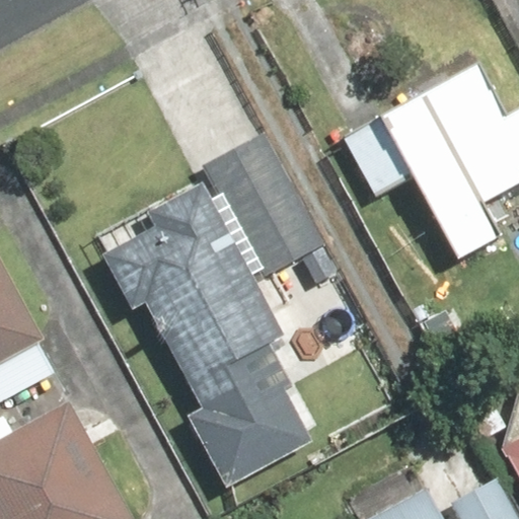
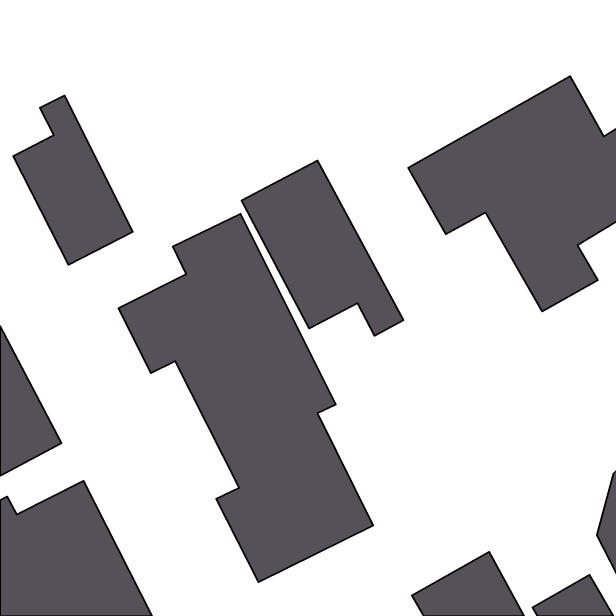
building: none -> [13,95,133,265]

